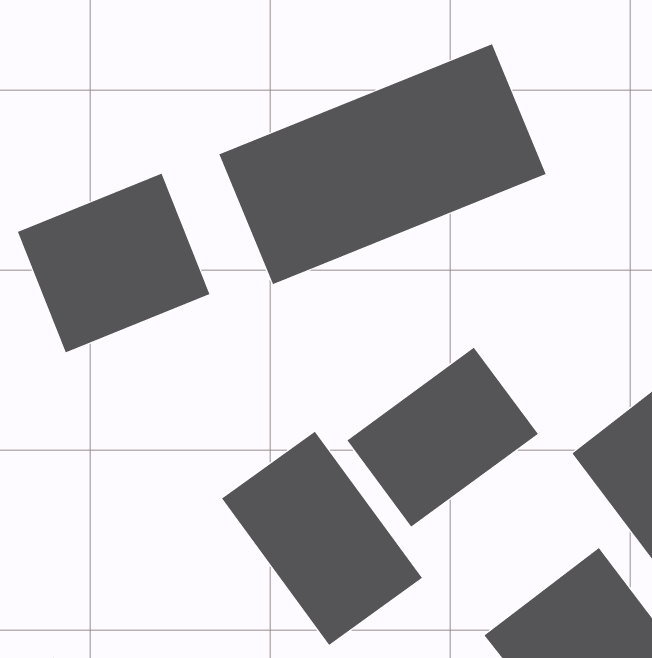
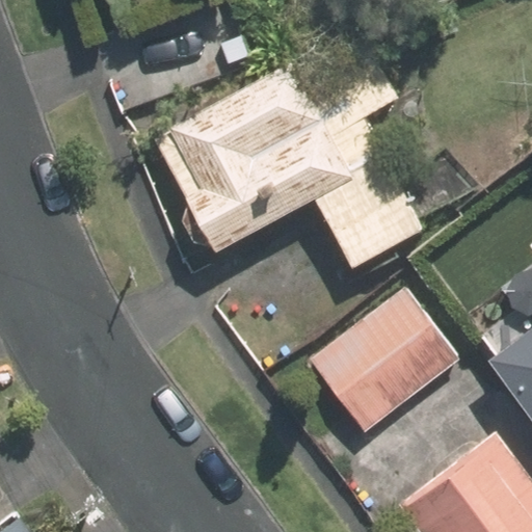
building: [17,173,210,353] -> none
building: [221,431,423,646] -> none

